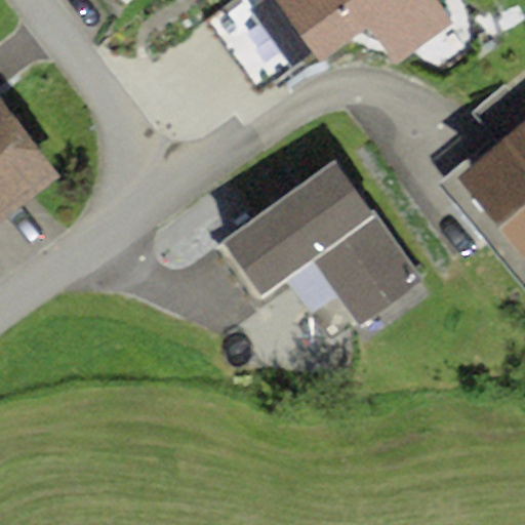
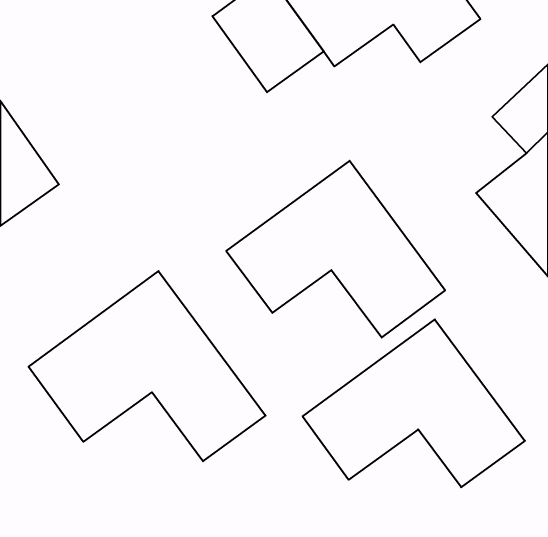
building: none -> [29,271,266,461]
building: none -> [303,319,525,487]

